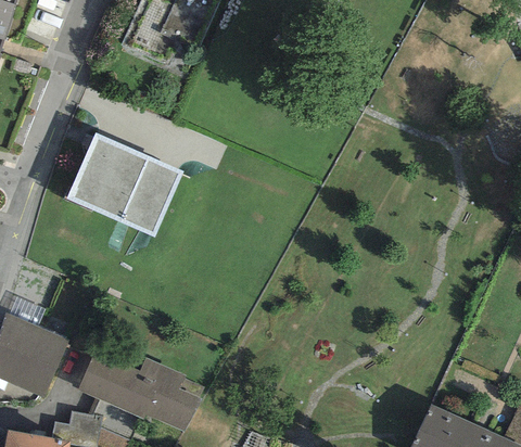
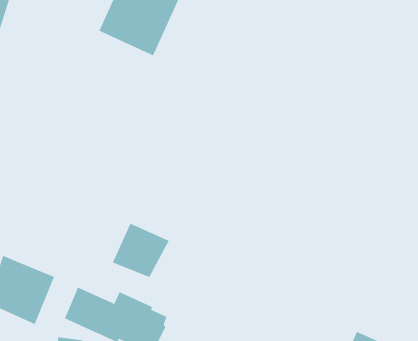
building: [67,133,182,238] -> none
building: none -> [112,223,170,278]

